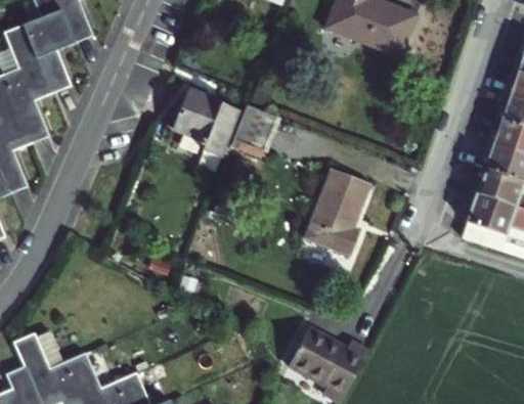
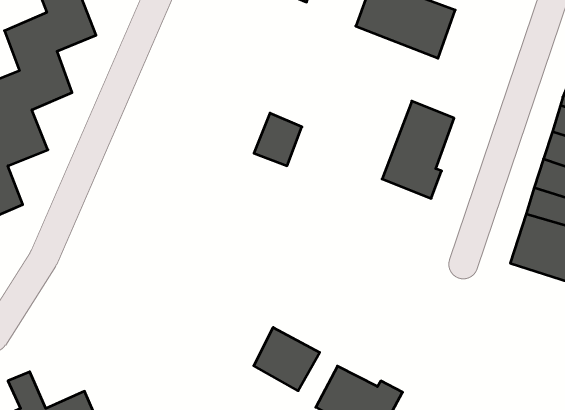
building: [174,88,242,156] -> none
building: [305,168,369,255] -> [382,101,454,198]
building: none -> [254,327,320,391]

